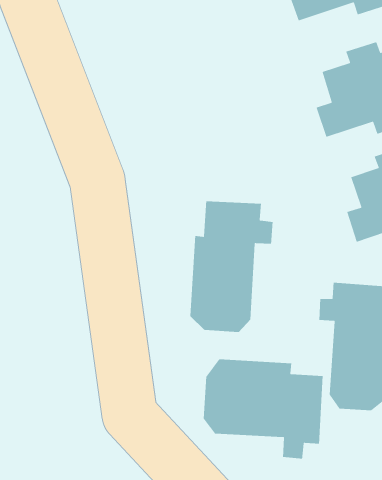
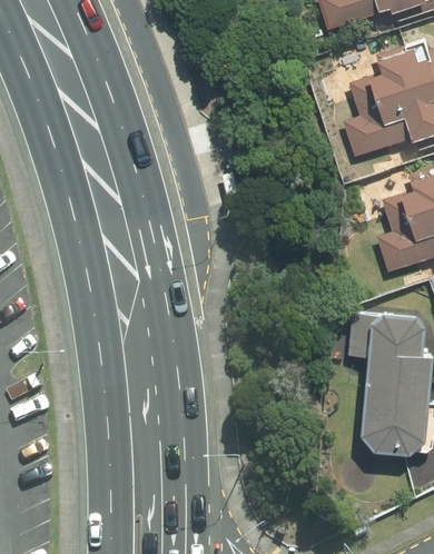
building: [190,200,274,333] -> none
building: [203,359,323,459] -> none

